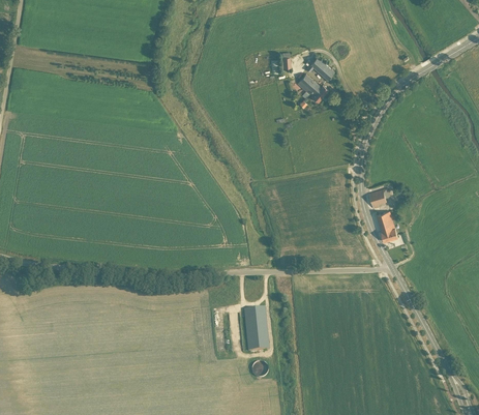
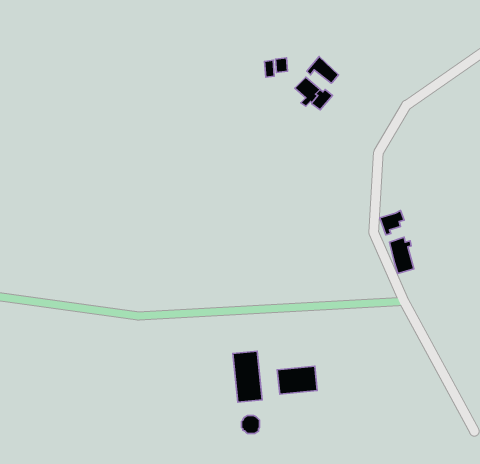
building: none -> [277,366,317,394]

